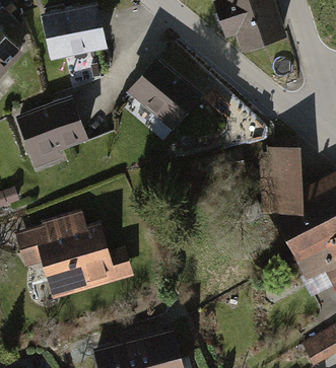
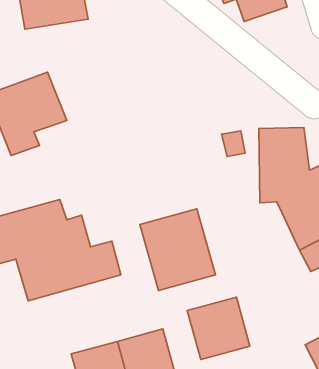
building: [126,59,201,132] -> none
building: none -> [140,209,215,291]
building: none -> [187,297,250,359]

